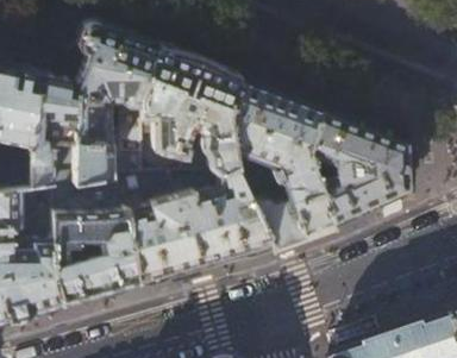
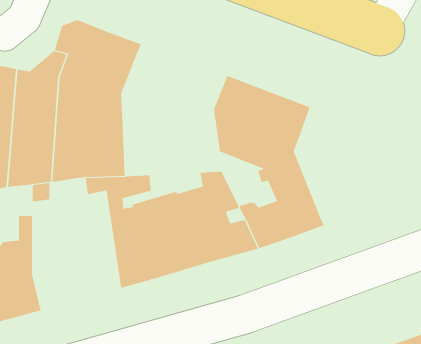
building: [139,49,240,172] -> none
building: [306,109,409,224] -> none
building: [52,177,138,306] -> none

